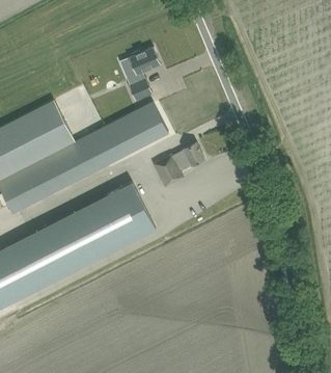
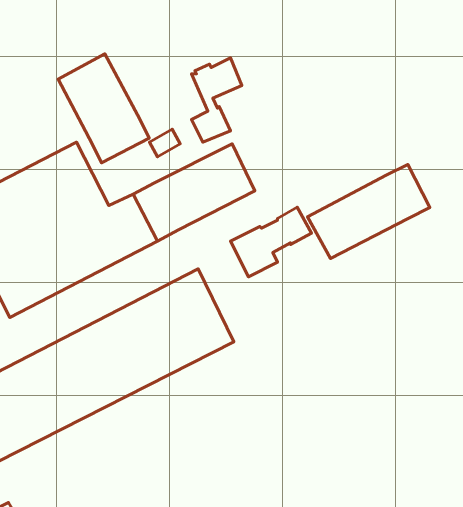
building: none -> [58,54,149,163]
building: none -> [308,165,430,259]

